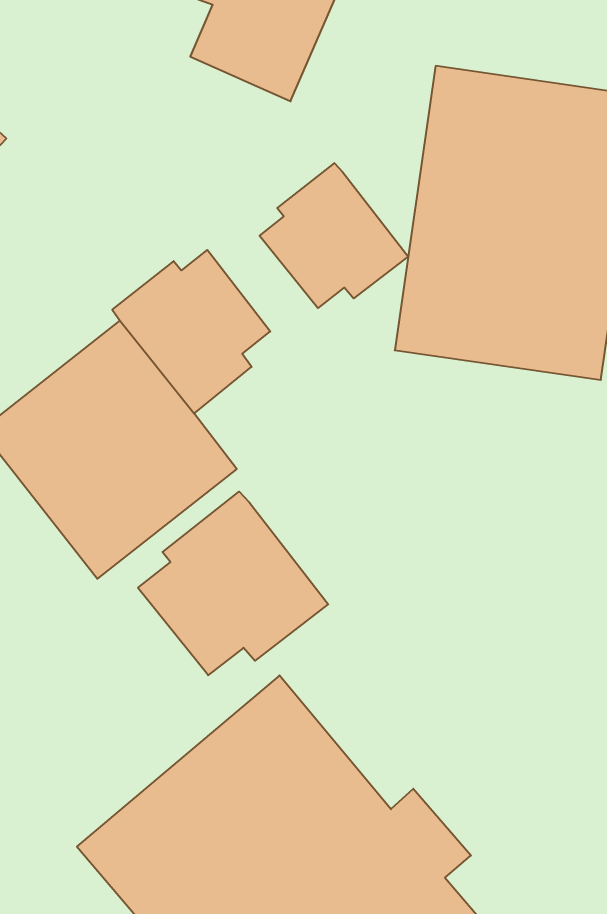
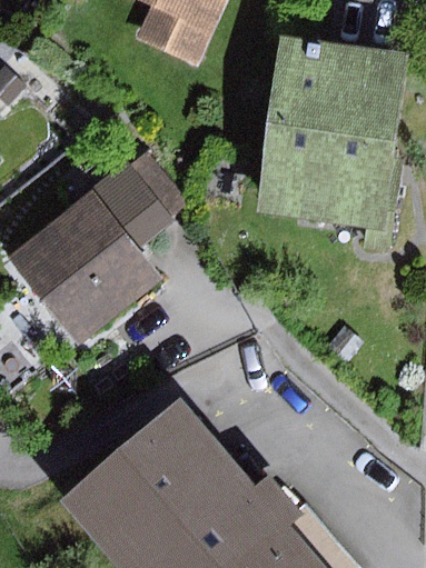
building: [260,163,408,308] -> none
building: [138,492,328,675] -> none

